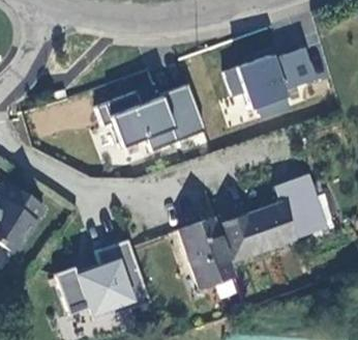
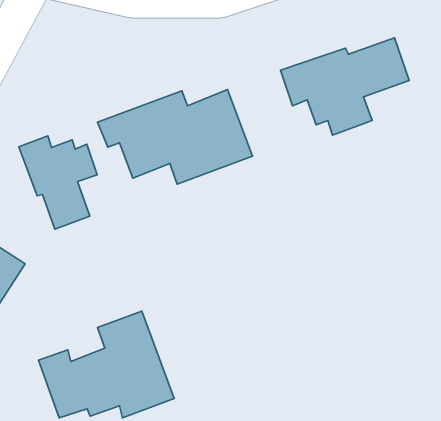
building: none -> [19,136,97,229]
building: [179,175,326,289] -> none

